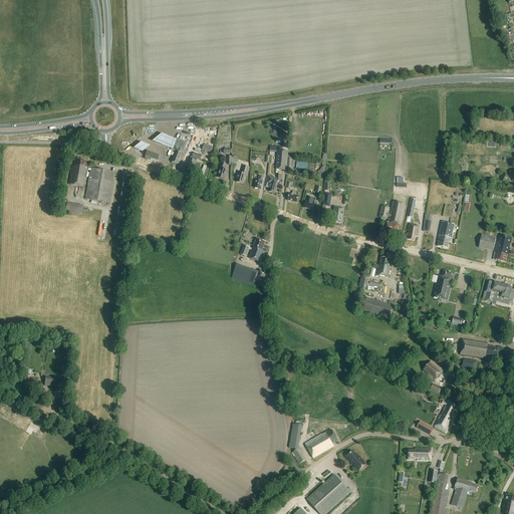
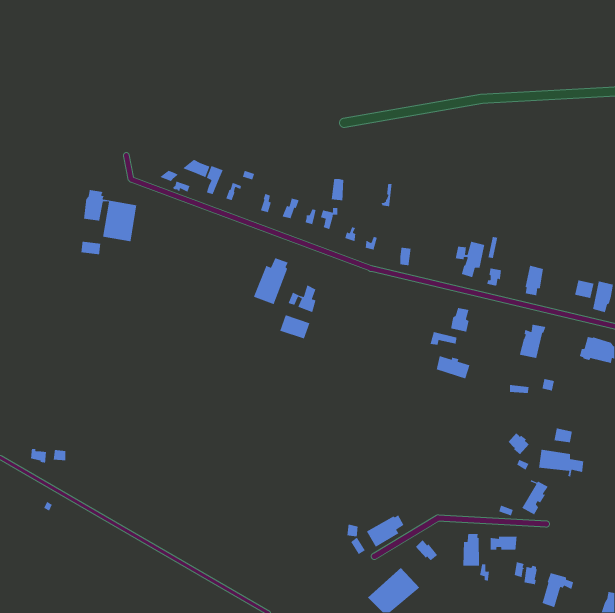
building: none -> [253,257,289,305]
building: [461,338,499,362] -> [538,449,584,478]
building: none -> [463,533,480,567]

